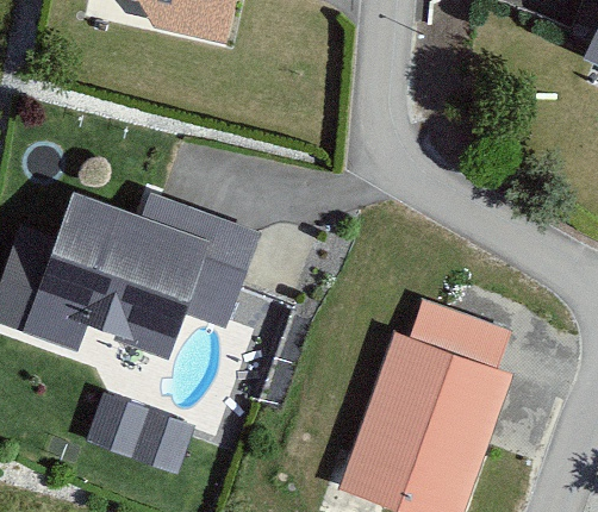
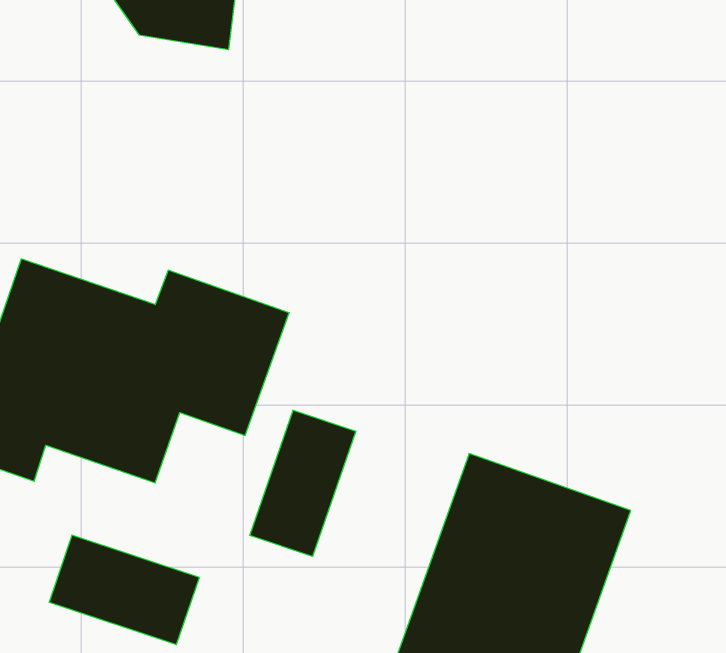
building: none -> [250,410,356,556]

